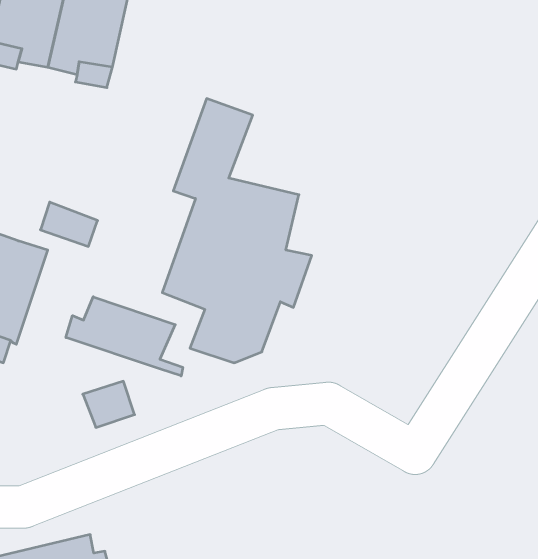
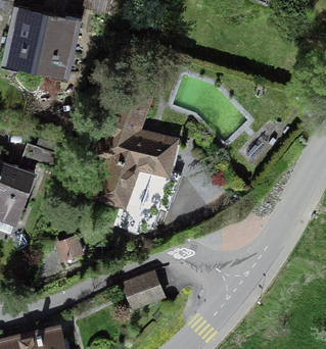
building: [66,297,183,376] -> none
building: none -> [123,269,164,307]

